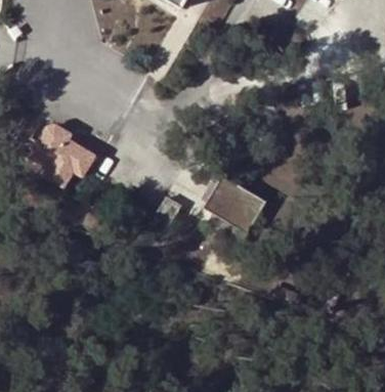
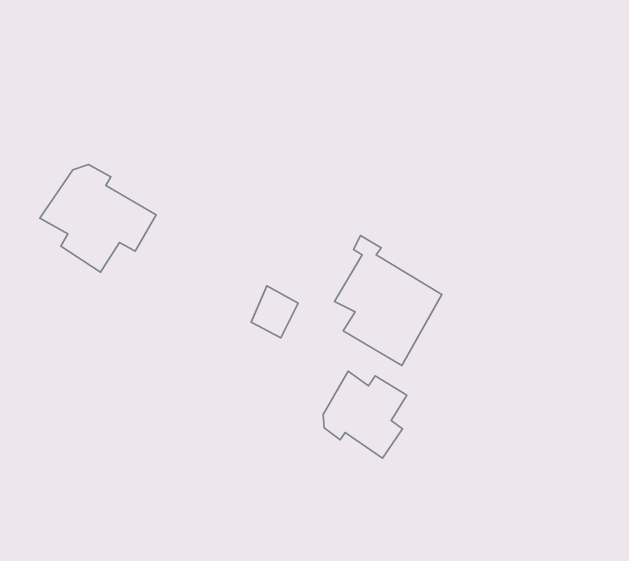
building: none -> [323,371,407,458]

